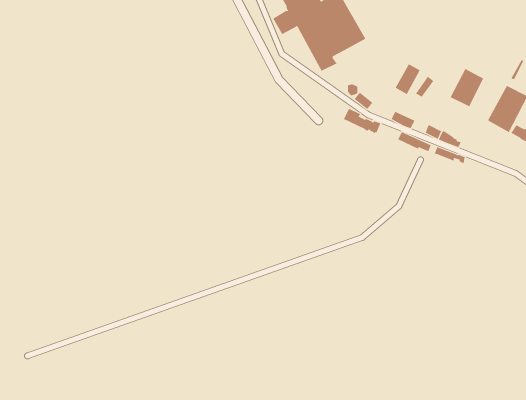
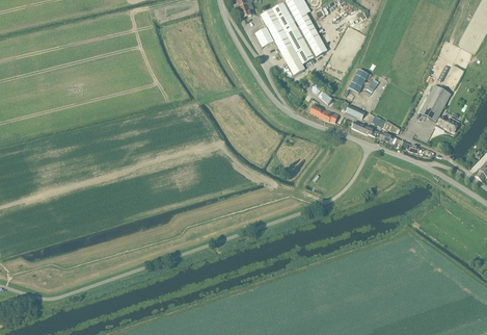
building: [450,68,484,107] -> none

